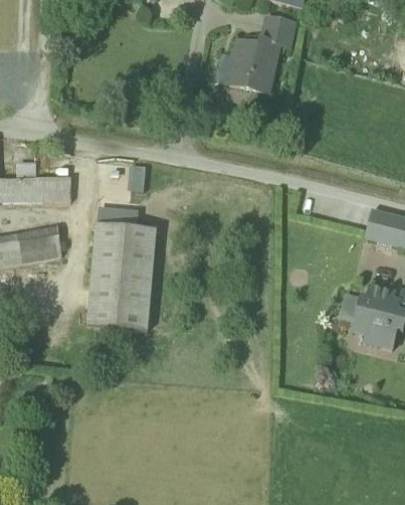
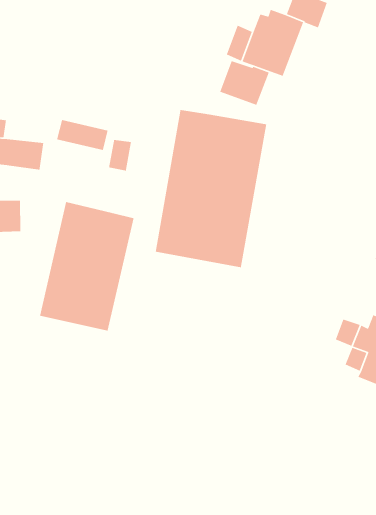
building: none -> [219,60,270,106]
building: none -> [155,109,267,268]
building: [95,206,139,228] -> [56,119,109,151]

